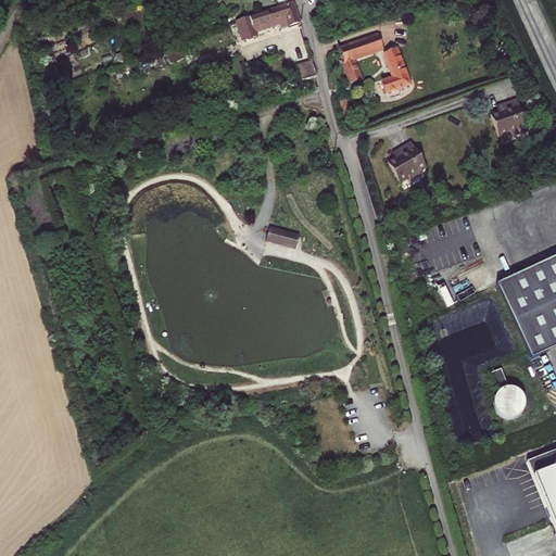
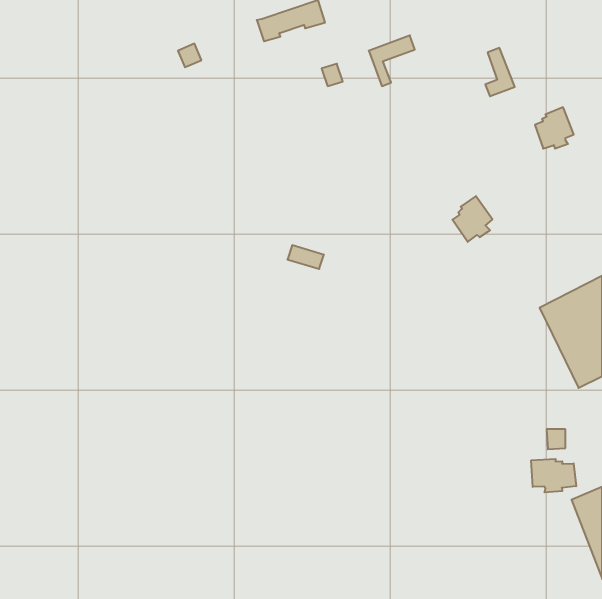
building: [382,46,409,90] -> [485,48,515,96]
building: [391,138,428,180] -> [452,196,492,242]
building: none -> [531,459,576,492]

